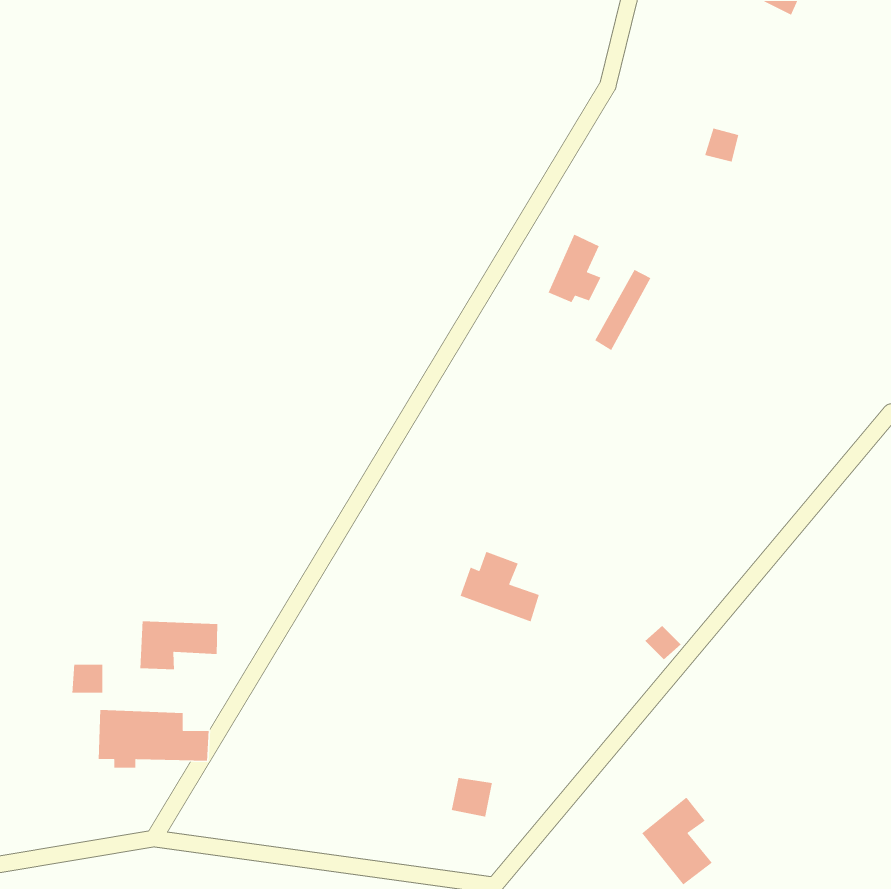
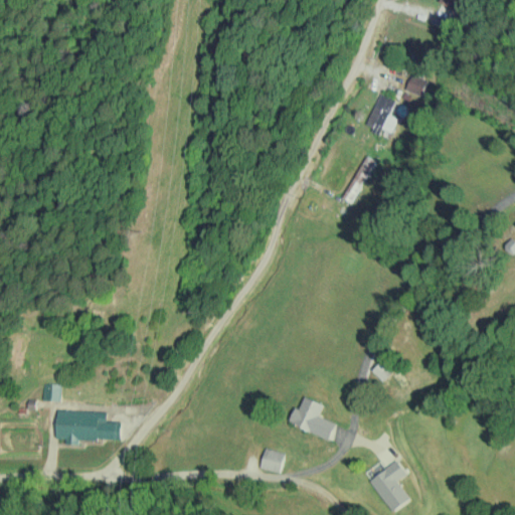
building: [547,233,602,303] -> [365,94,396,134]
building: [460,551,540,622] -> [289,398,335,440]
building: [140,620,218,670] -> none

